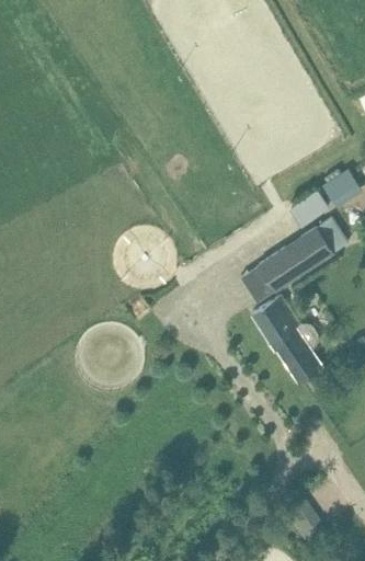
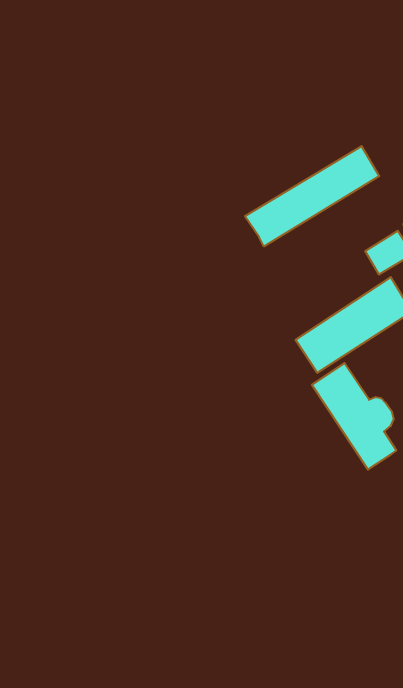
building: none -> [245,146,379,246]

